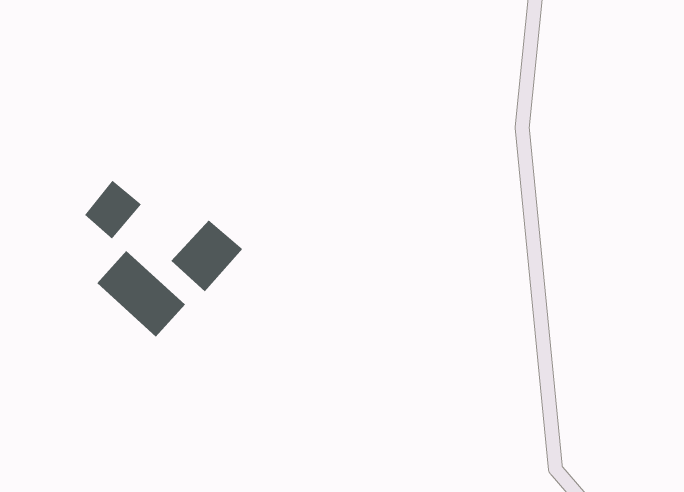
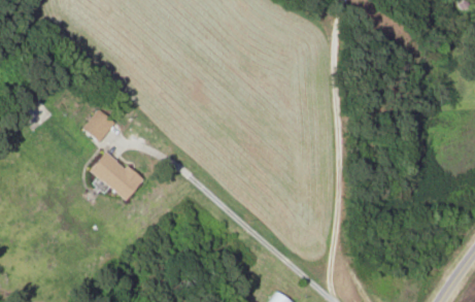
building: [170,220,243,292] -> none

